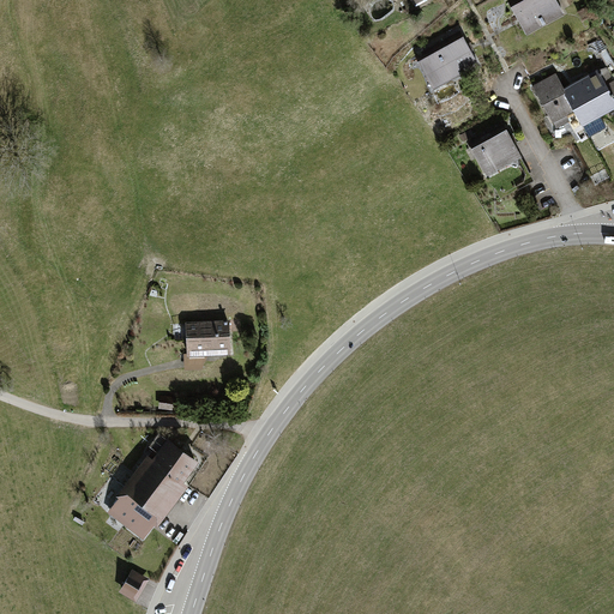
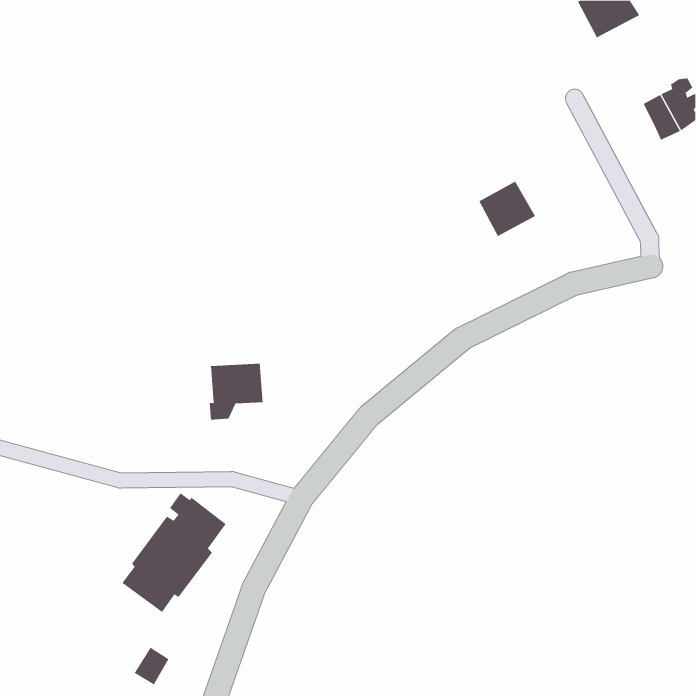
building: [415,34,476,90] -> none
building: [532,74,574,124] -> none
building: [469,126,519,175] -> [479,181,536,237]

